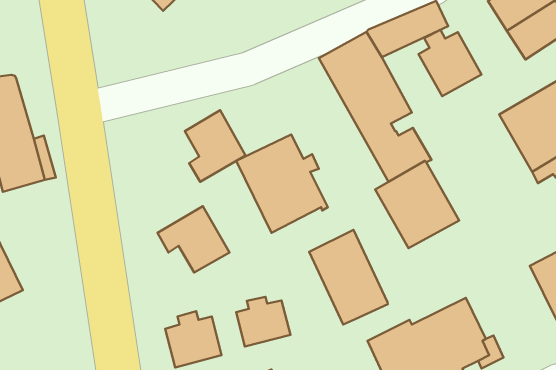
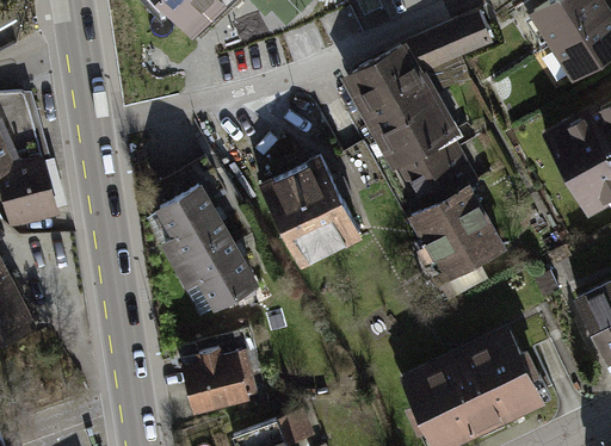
building: [418,30,482,96] -> none
building: [185,110,246,182] -> [160,187,226,265]
building: [309,230,388,324] -> none
building: [236,297,290,346] -> none

